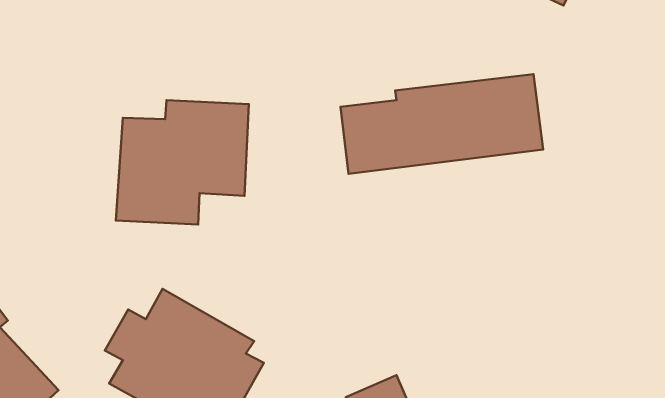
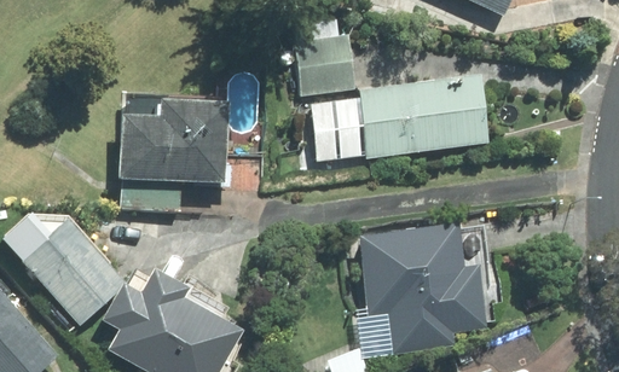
building: none -> [296,19,358,94]
building: none -> [22,219,123,322]
building: none -> [358,226,484,354]

